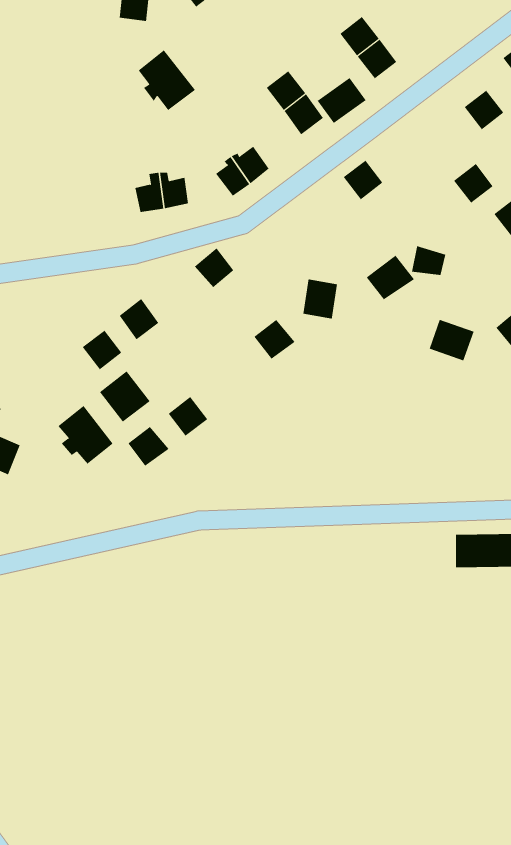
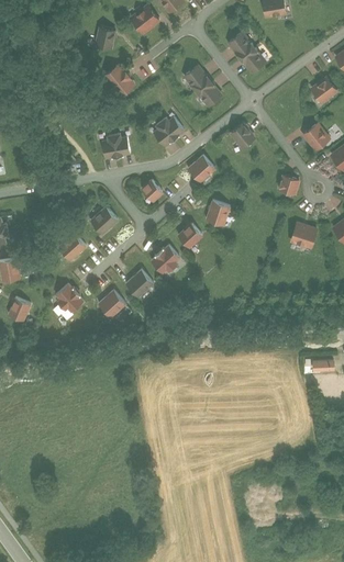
building: [317,77,366,124] -> none
building: [366,255,415,300] -> [188,155,219,183]
building: none -> [148,239,185,274]
building: [99,371,150,423] -> none

